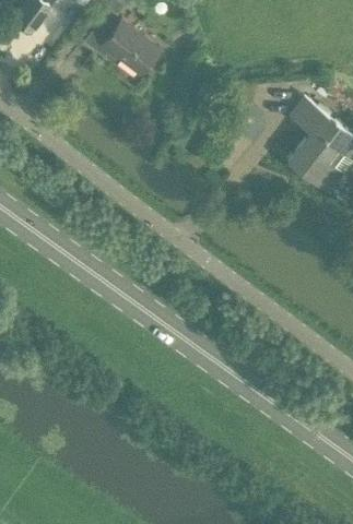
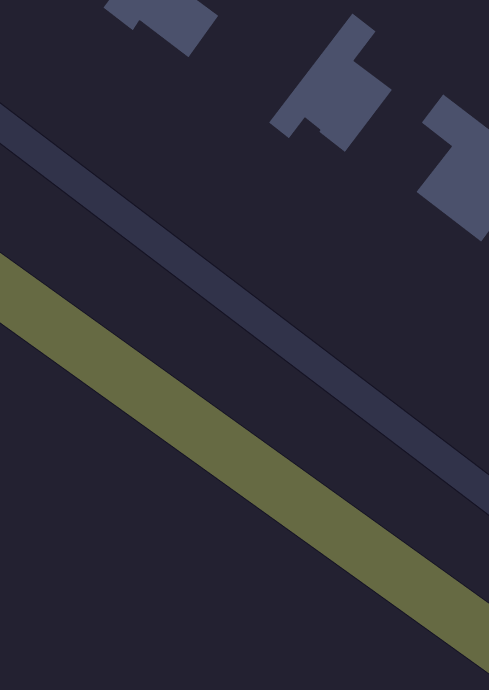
building: none -> [268,13,393,153]

